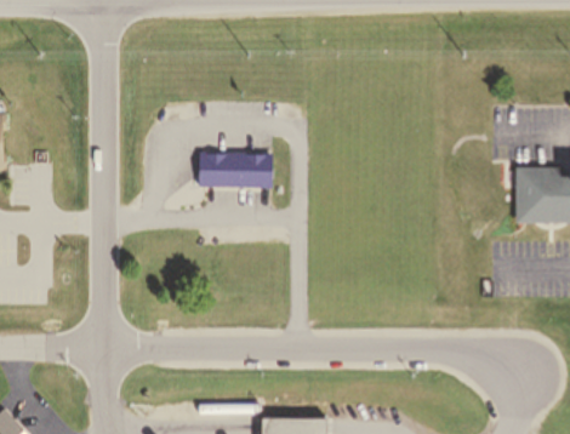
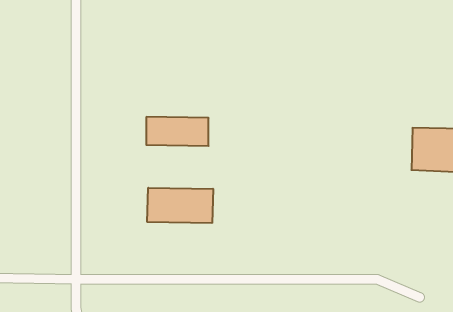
building: none -> [147,188,213,223]

